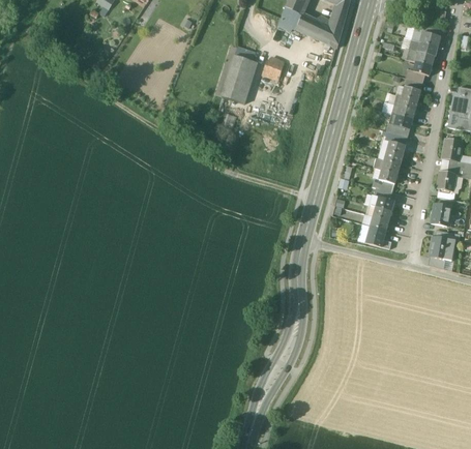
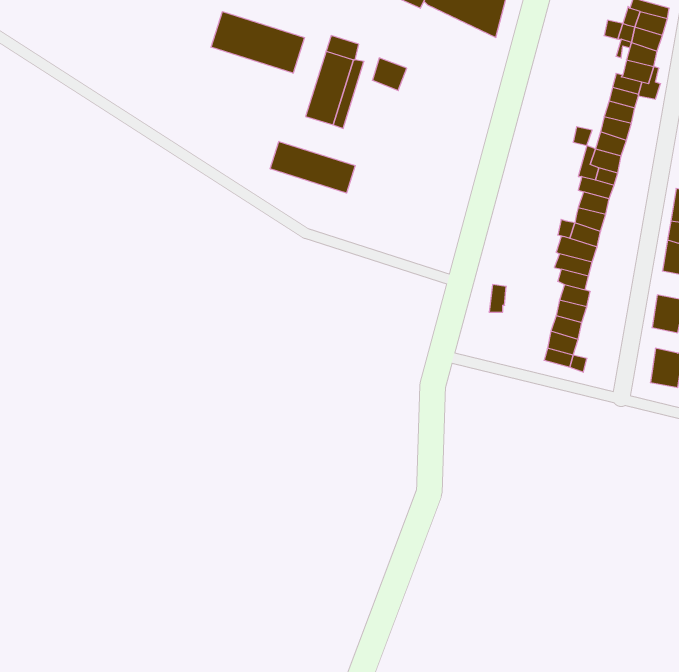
building: none -> [211,12,304,73]
building: none -> [270,141,355,193]

